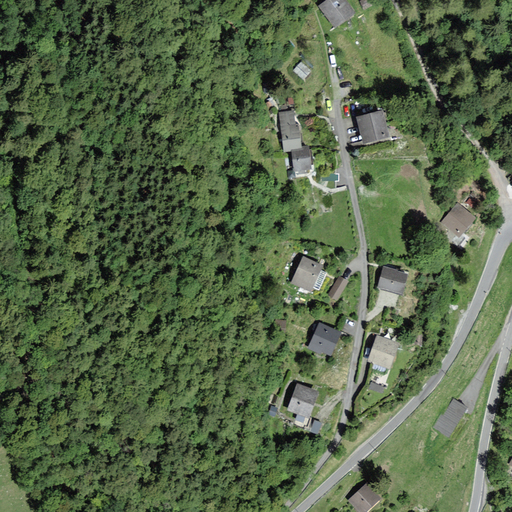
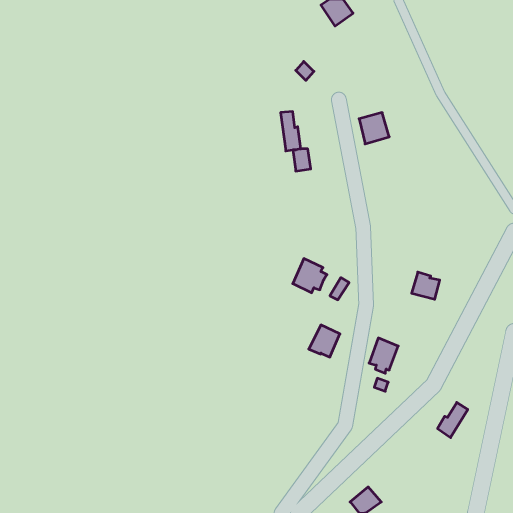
building: [443,204,474,236] -> none
building: [378,266,406,293] -> [412,272,440,299]
building: [288,385,317,416] -> none

